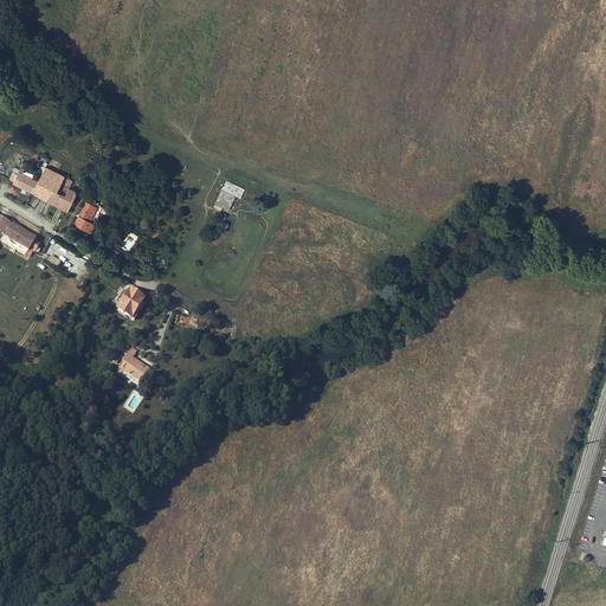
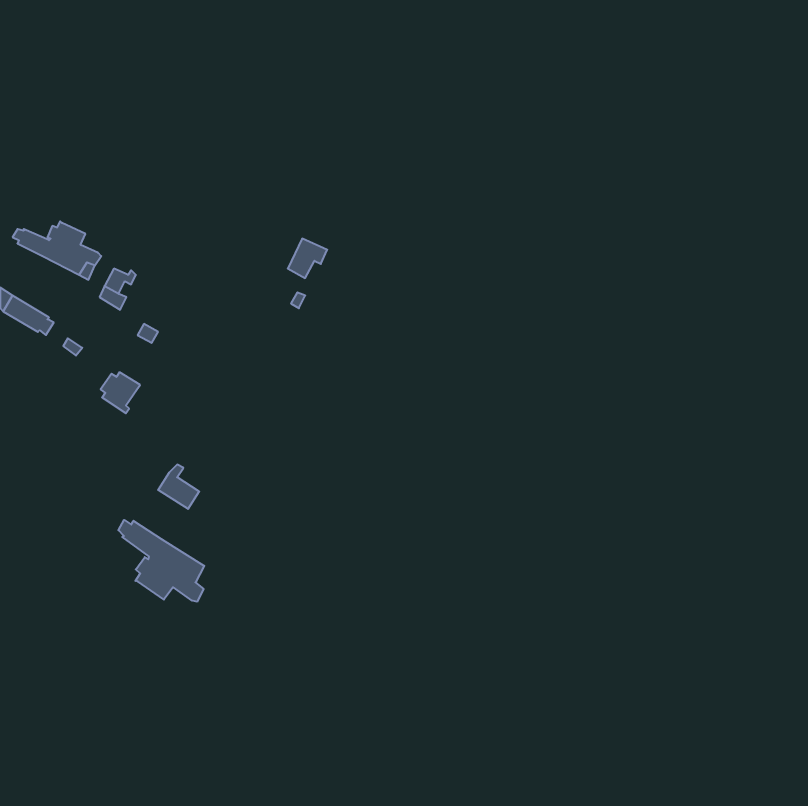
building: [116,288,146,318] -> [101,372,140,413]
building: none -> [118,520,204,602]

